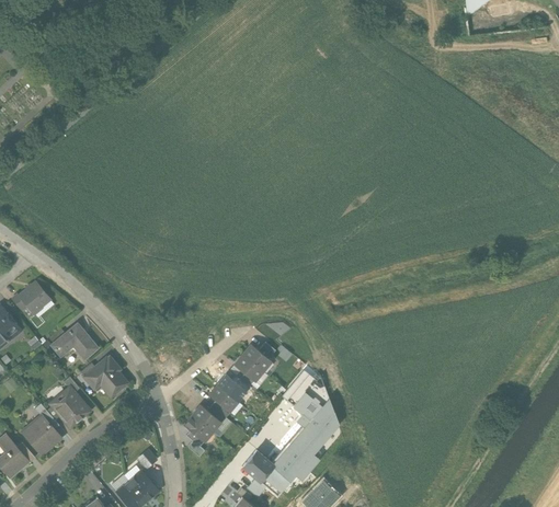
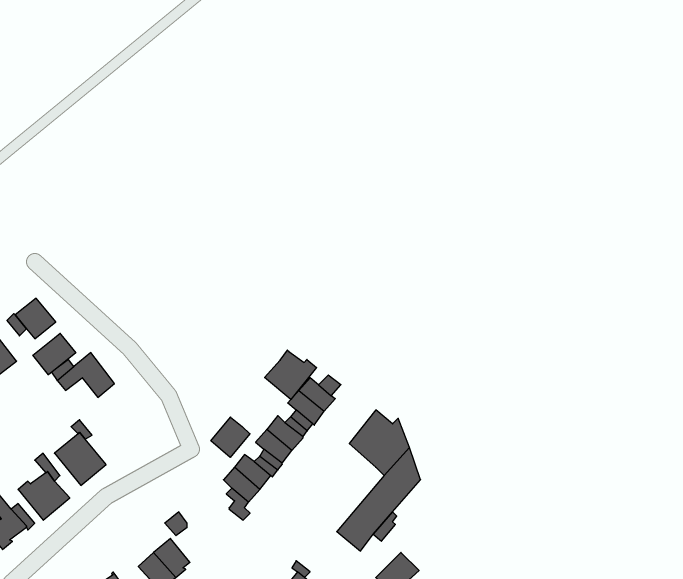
building: none -> [33,333,76,375]
building: none -> [265,350,317,400]
building: [84,360,127,396] -> none
building: none -> [211,417,250,457]
building: [242,450,290,495] -> none

